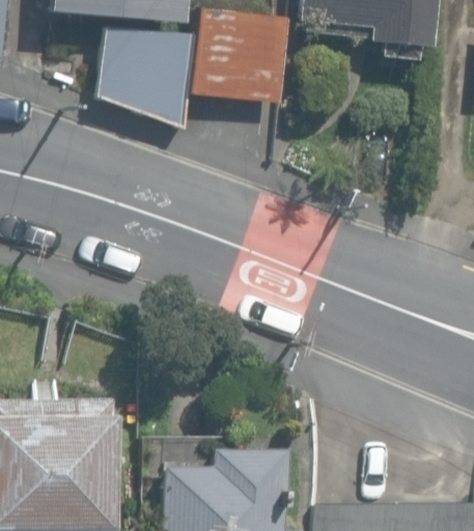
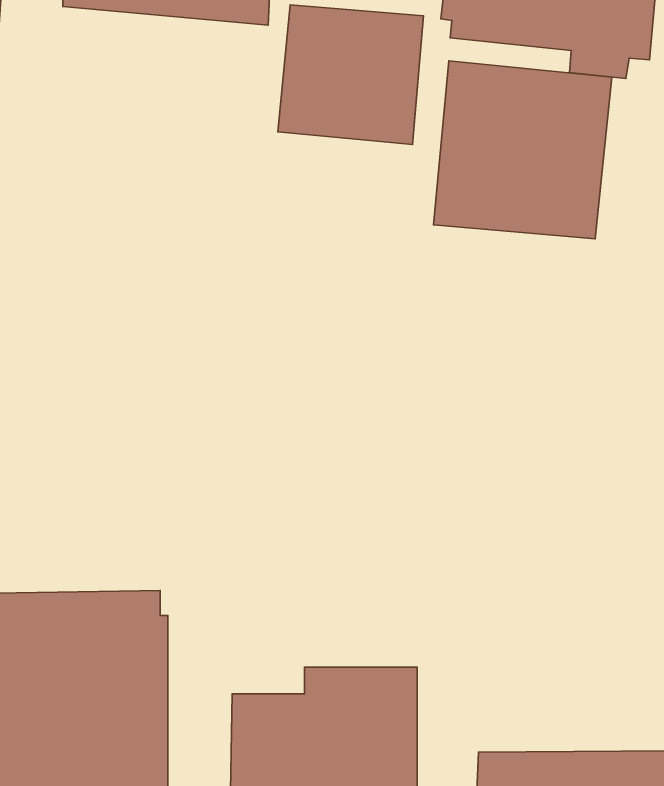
building: [101,25,196,129] -> none
building: none -> [434,61,612,239]

